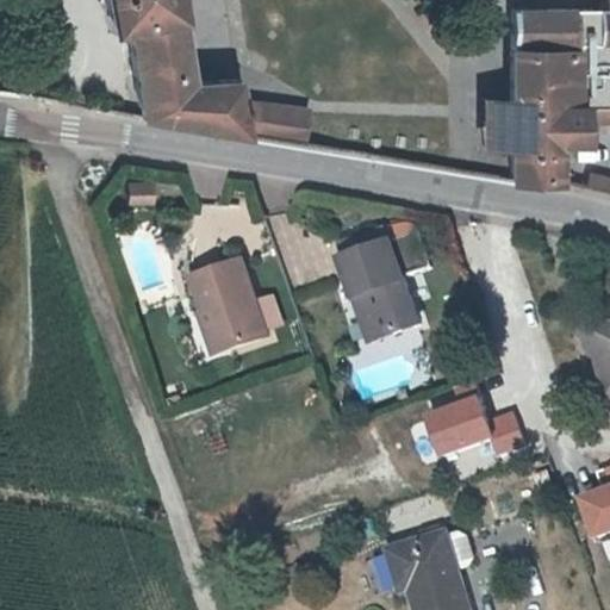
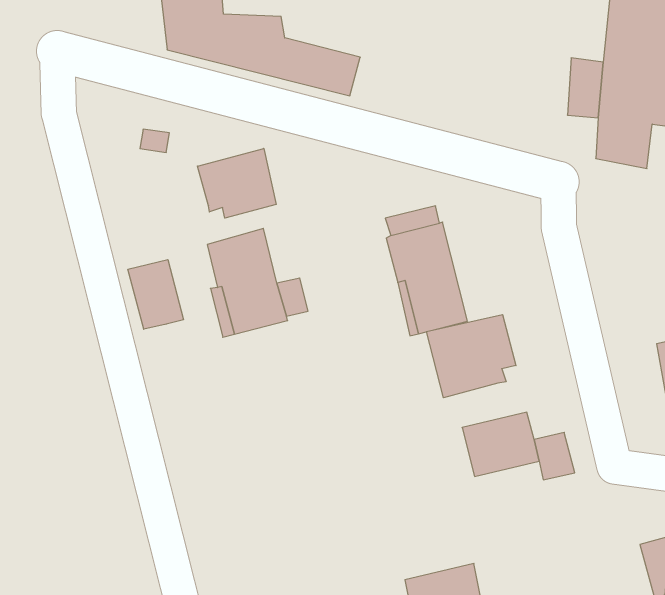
building: none -> [197,148,276,218]
building: none -> [128,260,183,329]
building: none -> [426,315,516,398]

